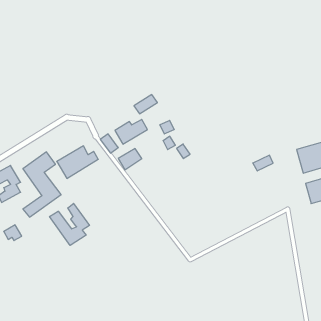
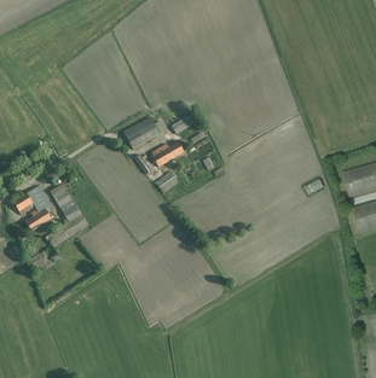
building: [57,146,98,178] -> [120,114,164,149]
building: [50,203,89,245] -> none

